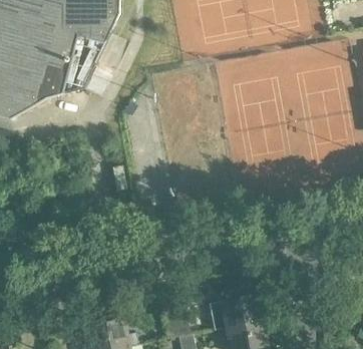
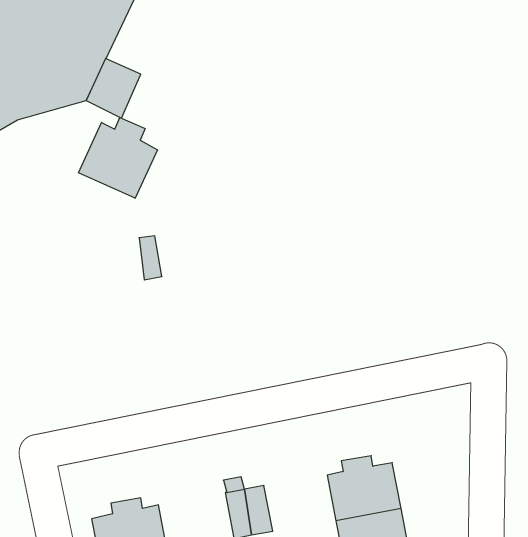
building: none -> [79,118,158,198]

